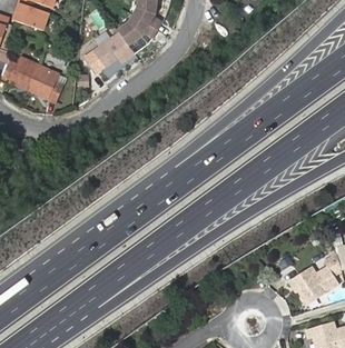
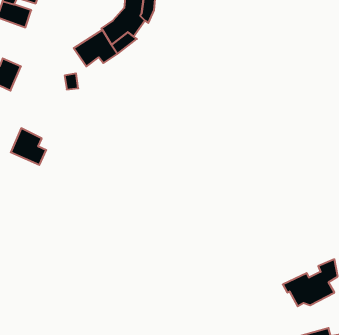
building: [26,66,60,101] -> [11,128,46,165]

